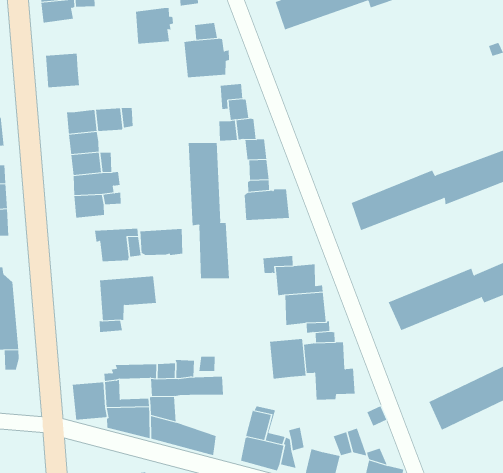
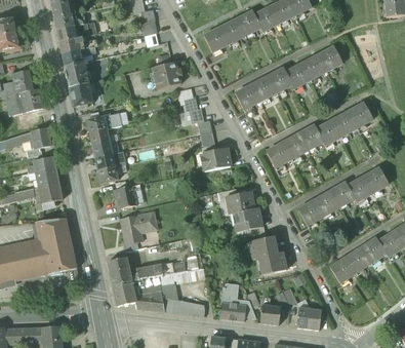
building: [135,7,174,44] -> [65,62,89,86]
building: none -> [235,46,342,109]
building: [188,142,230,279] -> none
building: [140,228,183,256] -> none
building: [269,338,306,379] -> none
building: none -> [108,258,131,284]

